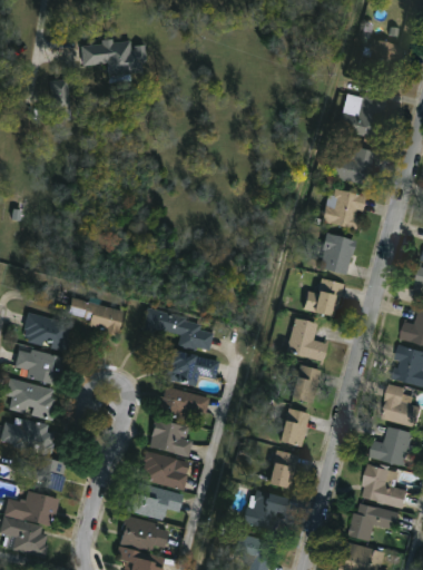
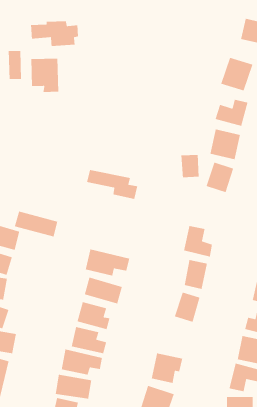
building: none -> [31,58,59,93]
building: [316,279,342,312] -> [180,154,199,178]
building: [140,311,210,352] -> [86,169,138,200]
building: [268,450,298,488] -> none

